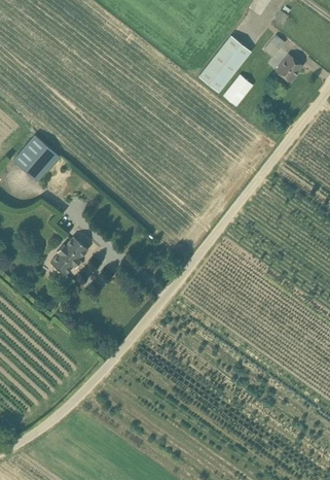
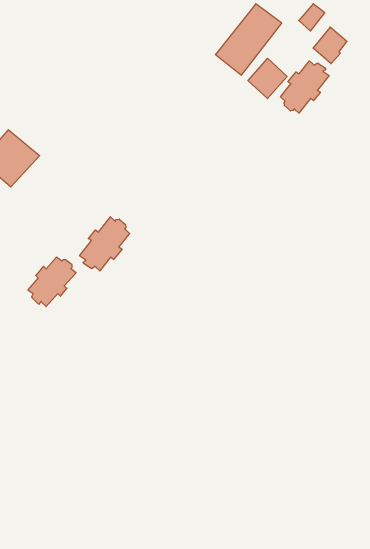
building: none -> [281,61,329,113]
building: none -> [80,217,130,271]

